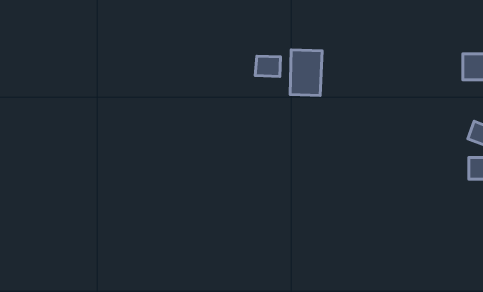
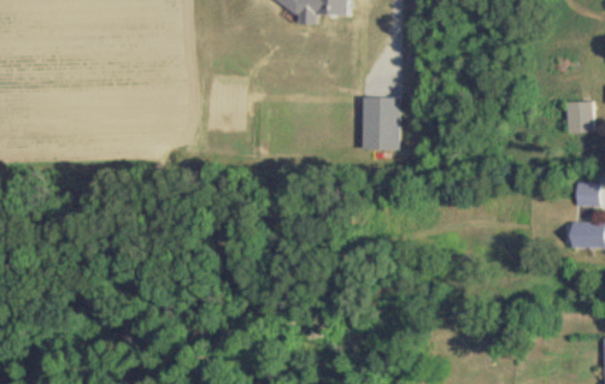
building: [255,56,281,76] -> none

